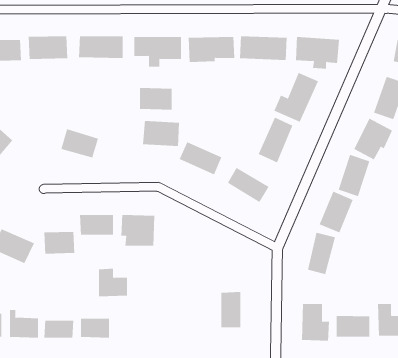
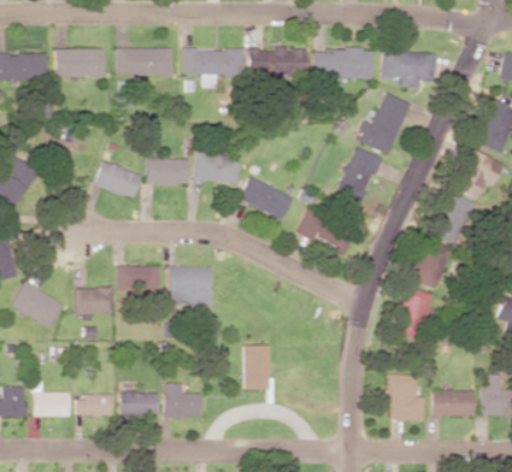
building: [139,87,173,110] -> [148,158,189,185]
building: [98,268,128,297] -> [163,383,199,418]
building: [220,291,241,328] -> [243,344,269,389]

